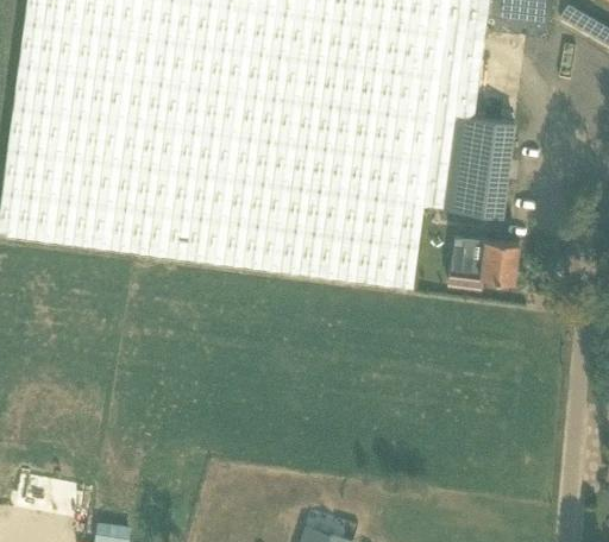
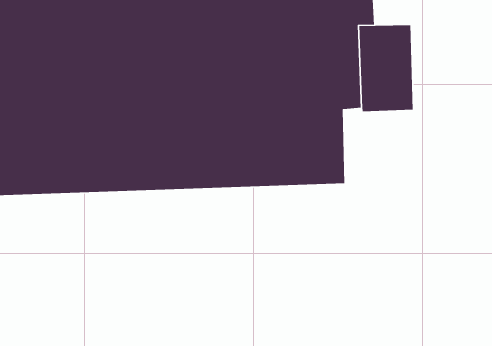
building: [451,239,517,282] -> none

